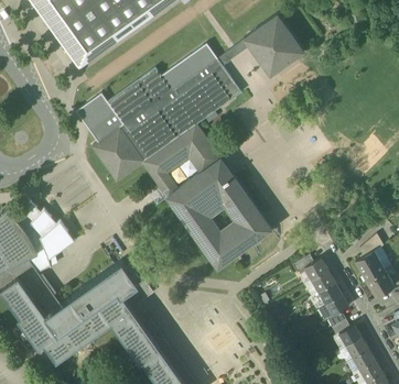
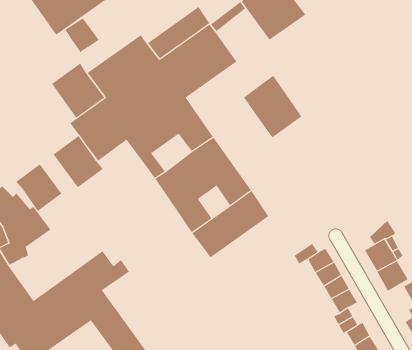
building: none -> [65,17,100,53]
building: none -> [243,75,302,138]
building: none -> [53,135,103,188]
building: none -> [16,163,62,212]

